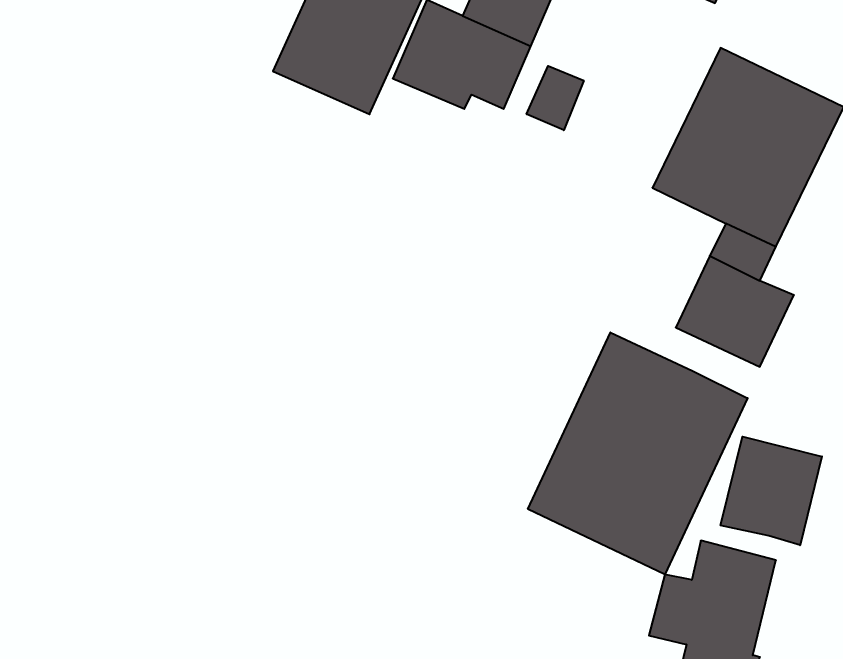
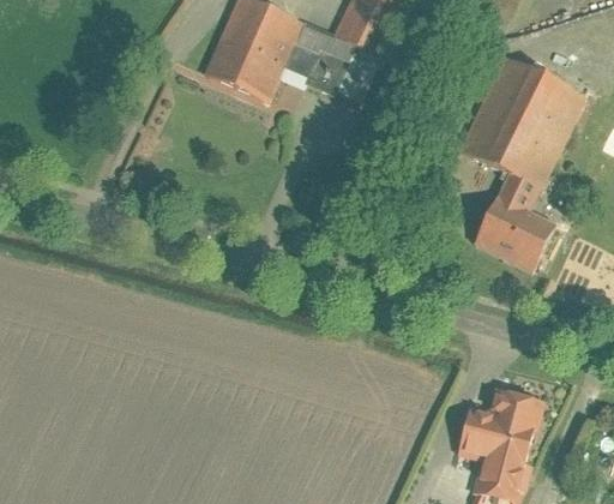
building: [527,66,584,130] -> none
building: [528,332,748,575] -> none
building: [721,437,822,545] -> none

